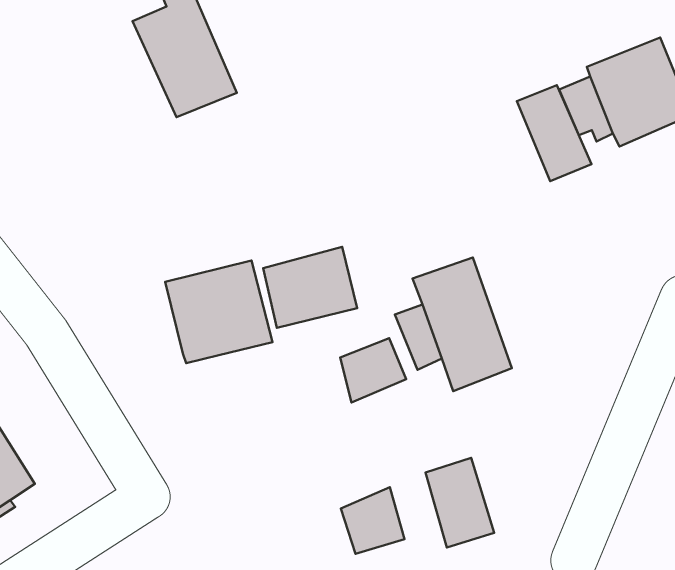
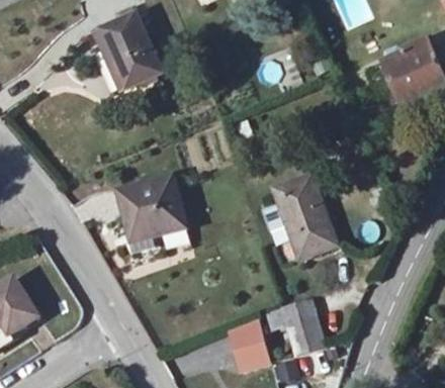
building: [517,85,591,181] -> none
building: [263,247,357,328] -> none
building: [340,338,406,403] -> none

